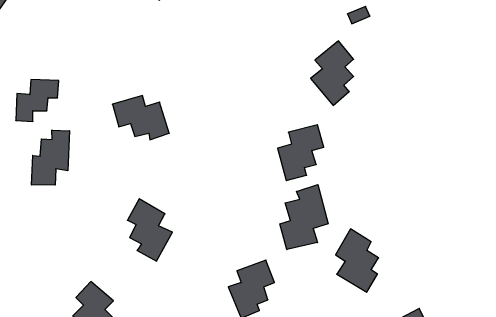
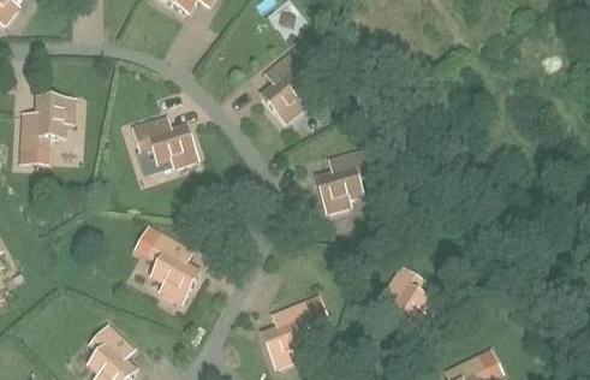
building: [311,41,354,105] -> [261,52,309,124]
building: [32,130,69,185] -> none
building: [280,185,328,250] -> none

